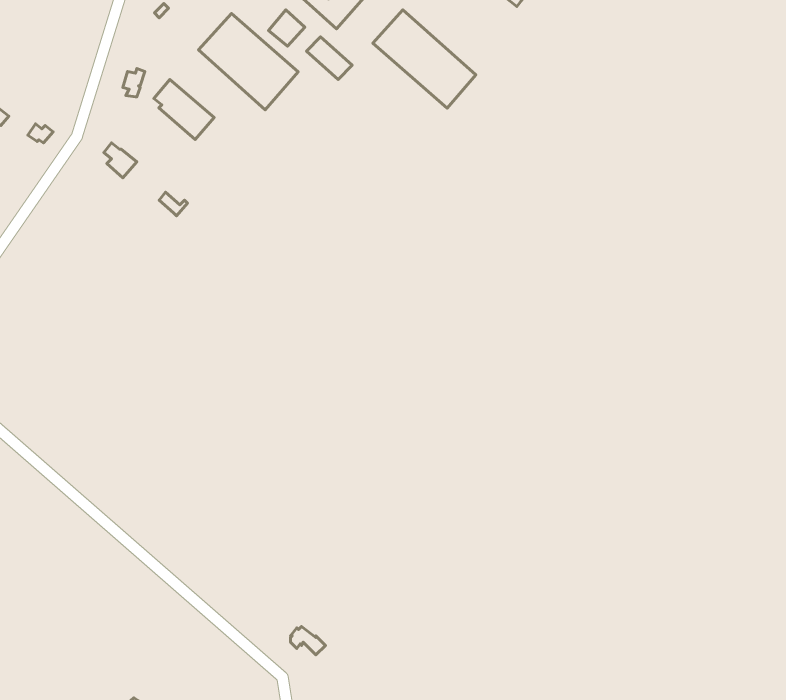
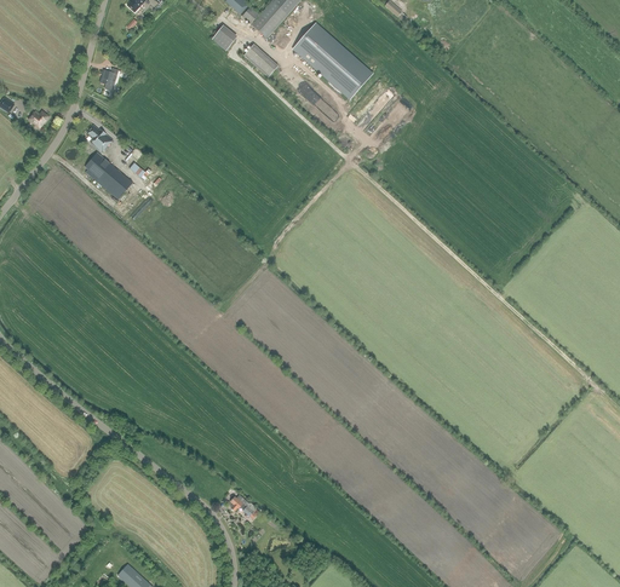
building: [199,14,298,110] -> none
building: [154,79,214,140] -> [87,154,133,200]

